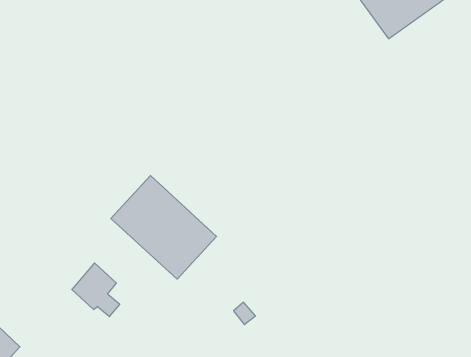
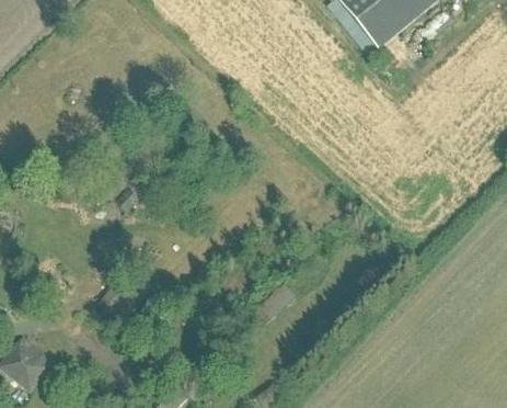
building: [111,176,217,279] -> none

